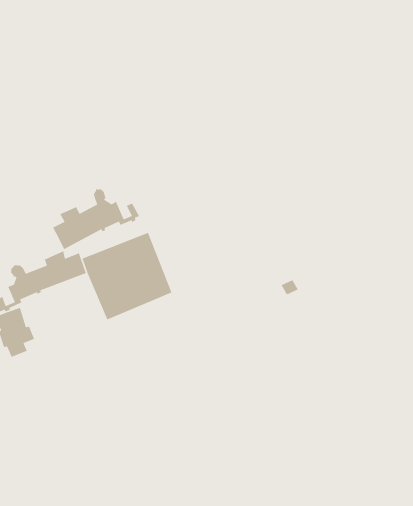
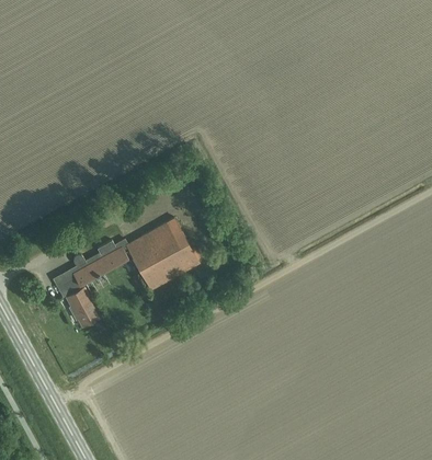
building: [52,188,140,250] -> none

